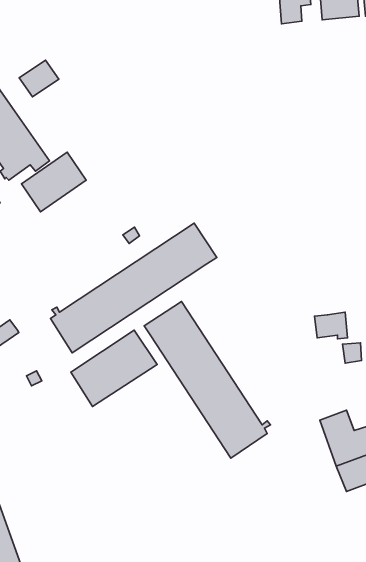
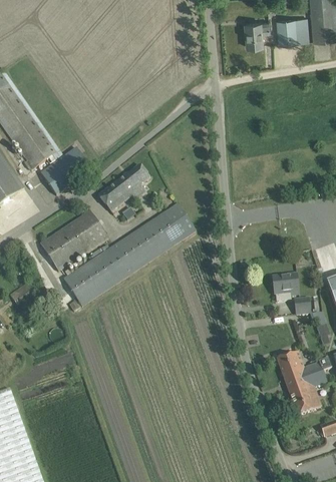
building: [19,60,59,97] -> none
building: none -> [98,164,149,211]
building: [144,301,270,458] -> none
building: [71,330,157,406] -> [41,210,109,271]

